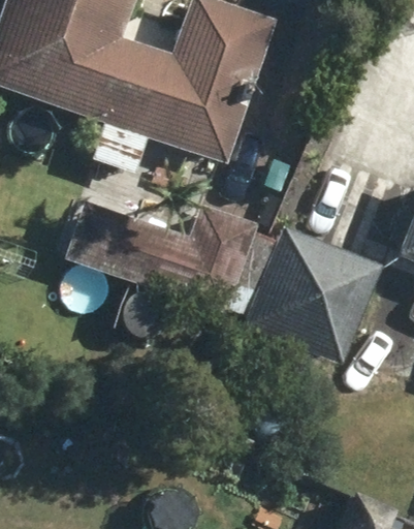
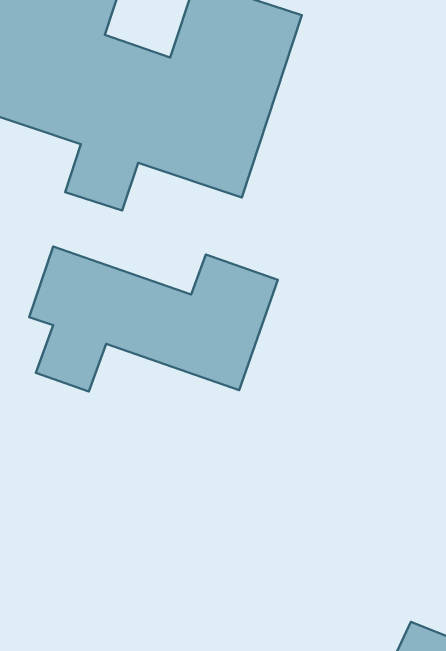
building: [235,226,383,365] -> none

